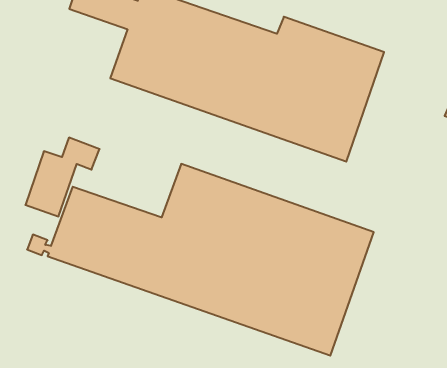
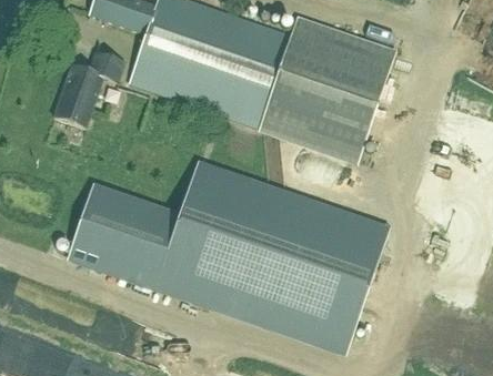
building: [25,138,100,216] -> [54,53,127,130]

